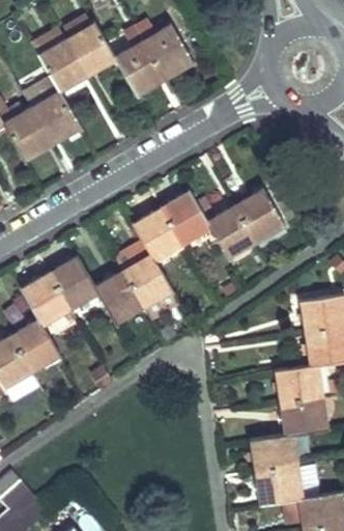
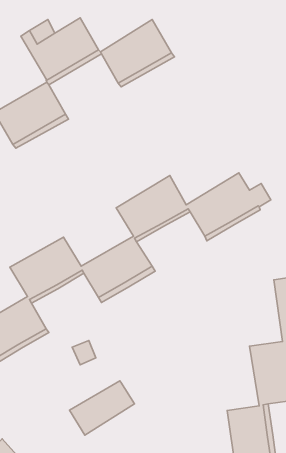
building: none -> [69,381,134,435]

